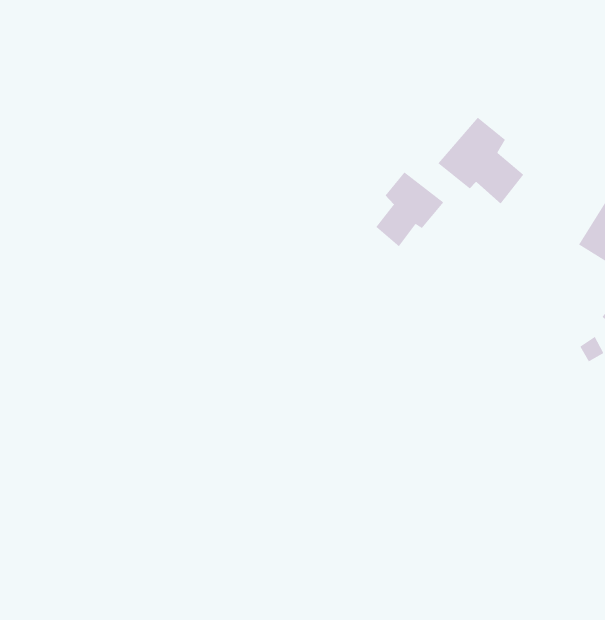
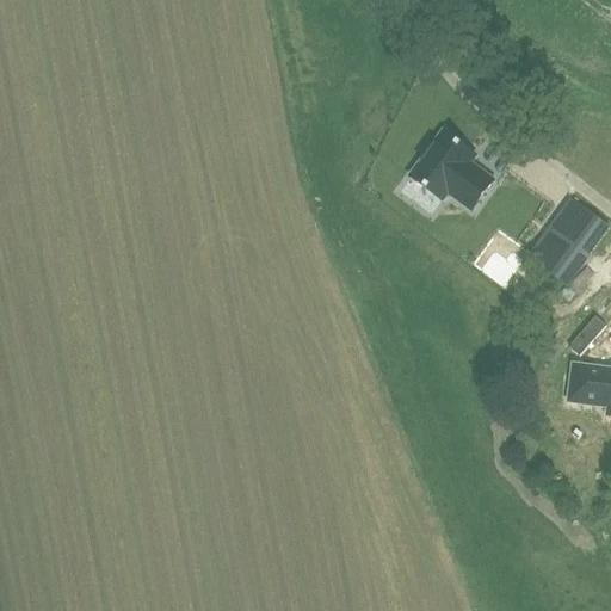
building: [376,172,444,247] -> none

